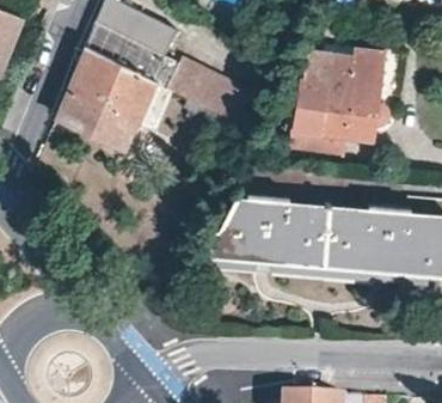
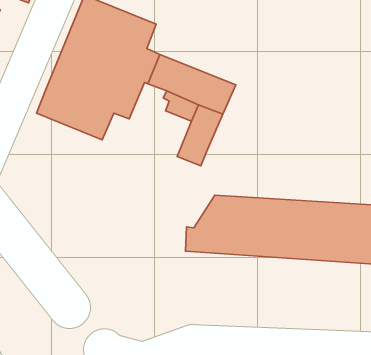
building: [287,44,391,151] -> none

